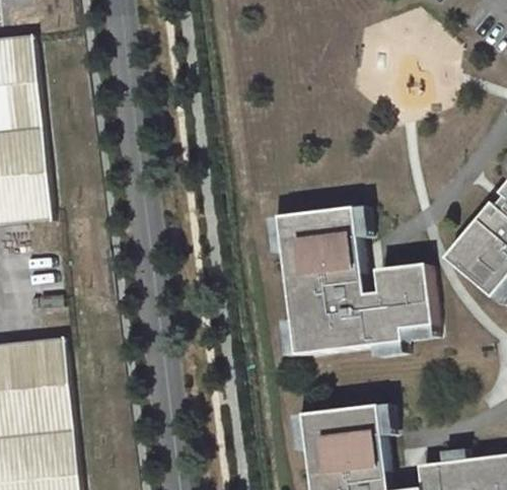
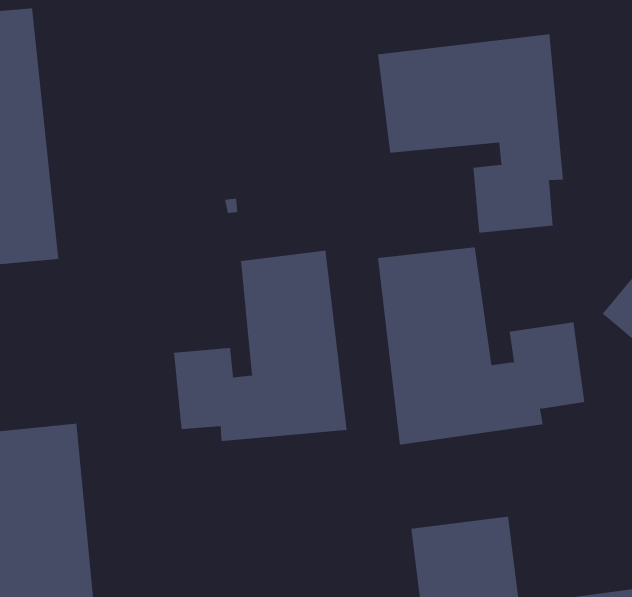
building: none -> [377,34,564,233]
building: none -> [173,250,347,442]

